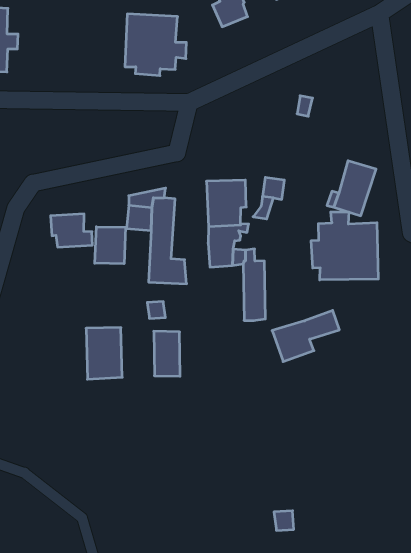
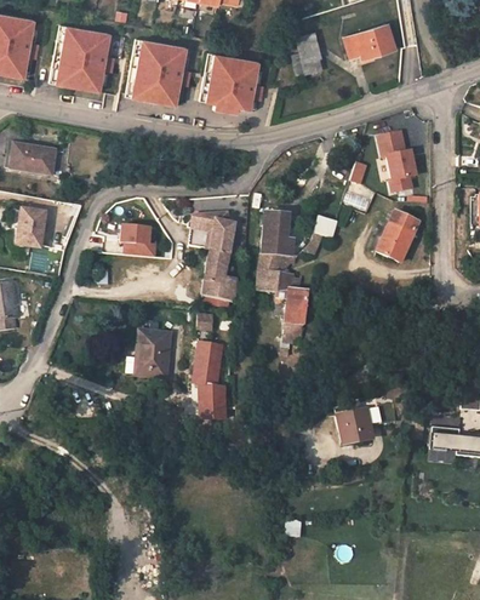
building: none -> [131,39,192,104]
building: none -> [378,131,416,192]
building: [311,212,378,280] -> none
building: [95,227,126,264] -> none
building: [272,310,339,362] -> [337,402,398,442]
building: none -> [200,384,225,418]

